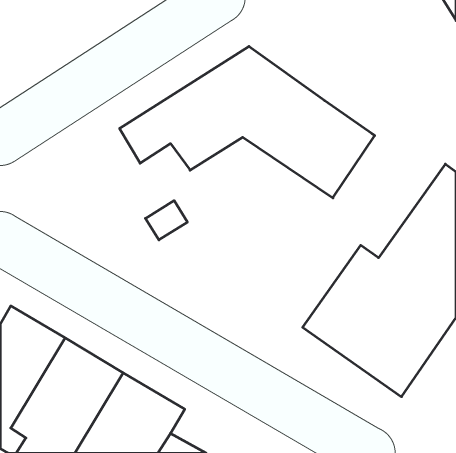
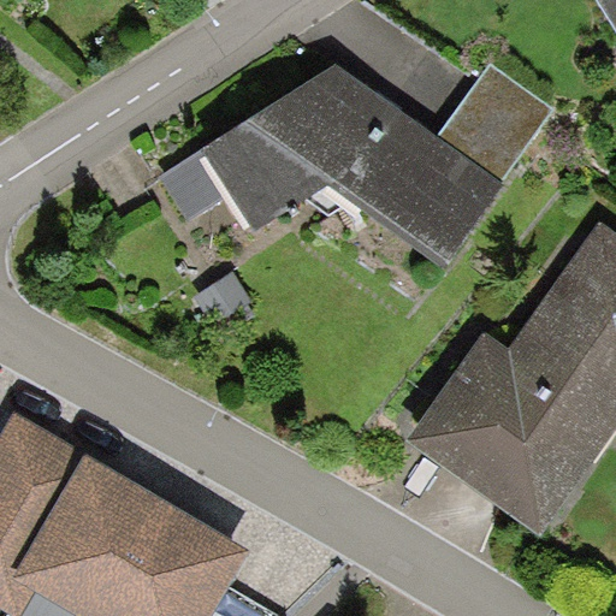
building: none -> [438,61,555,180]

